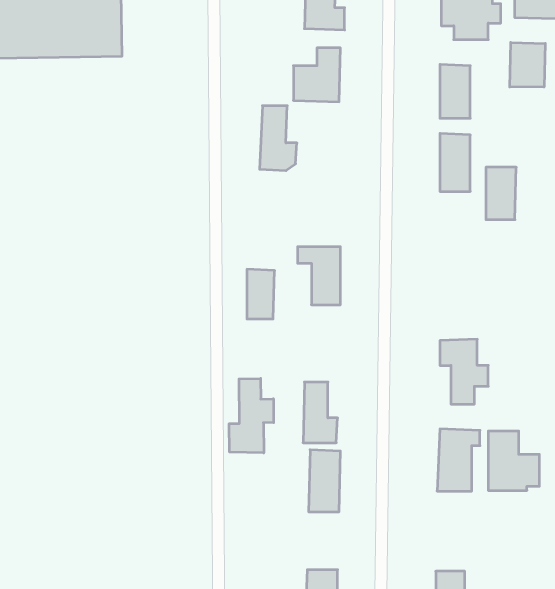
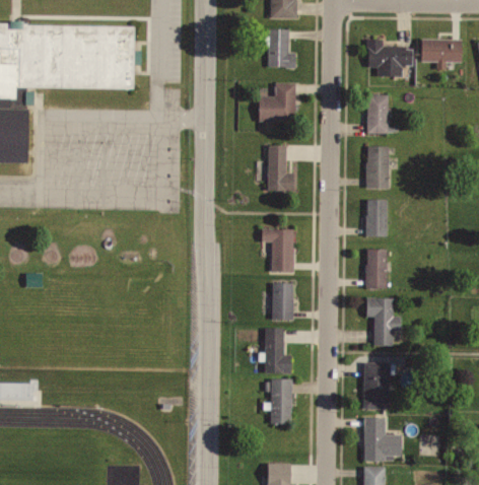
building: [510,42,545,87] -> none
building: [260,106,297,171] -> [267,144,294,192]
building: [486,167,516,220] -> [365,198,388,236]
building: [247,269,275,319] -> [274,283,294,320]
building: none -> [365,248,387,288]
building: [229,378,274,453] -> none
building: [488,431,539,490] -> [364,416,402,460]

